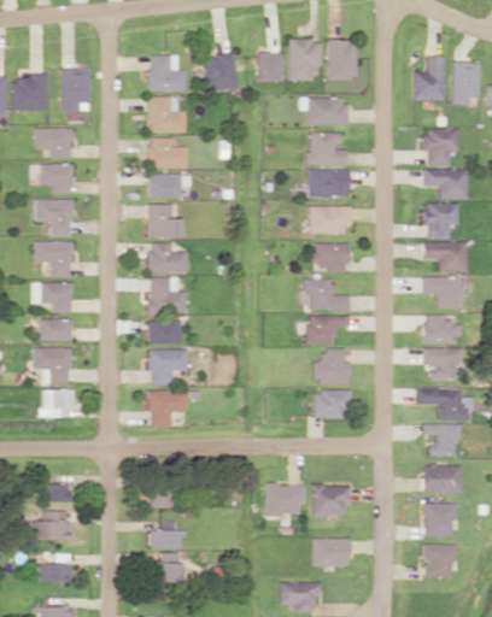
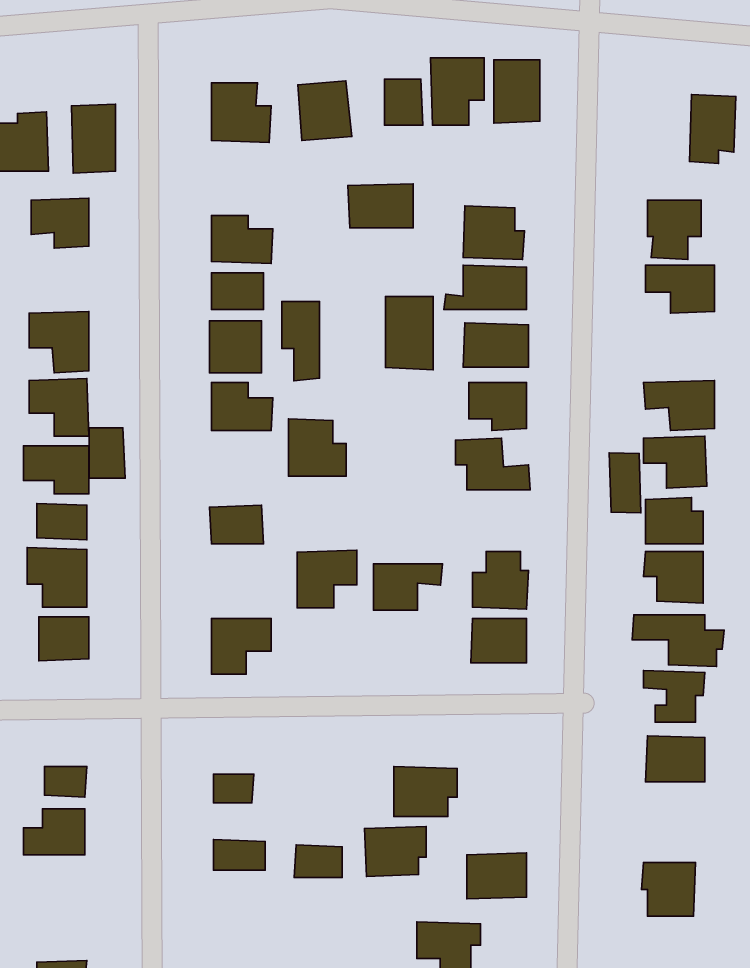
building: [414,55,445,100] -> none
building: [150,96,187,133] -> none
building: [306,96,347,124] -> [348,184,413,228]
building: [42,163,75,194] -> none
building: none -> [386,296,433,370]
building: none -> [282,301,320,381]
building: [424,202,458,239] -> none
building: none -> [89,428,125,478]
building: [151,276,187,312] -> [289,419,346,476]
building: none -> [609,453,641,513]
building: [308,315,351,343] -> [373,564,442,610]
building: [152,348,189,384] -> [297,550,357,608]
building: [311,484,350,516] -> [365,827,426,877]
building: [423,503,455,535] -> none
building: [40,557,71,581] -> none
building: [151,562,181,582] -> [294,845,342,878]

